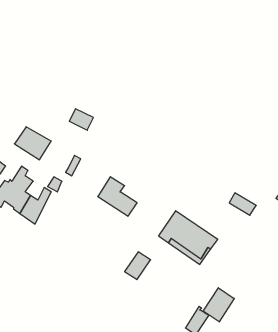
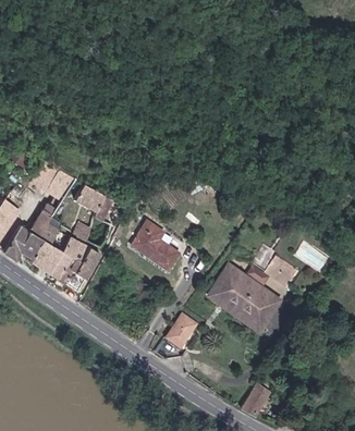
building: [69,109,93,130] -> [76,185,106,211]
building: none -> [58,241,97,292]
building: none -> [264,255,296,284]
building: [203,288,234,322] -> none

